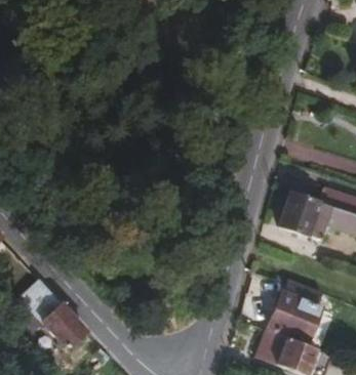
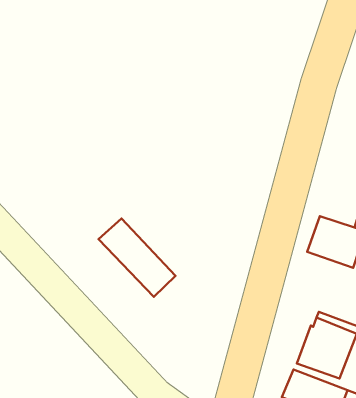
building: [22,277,90,346] -> [99,218,176,297]

